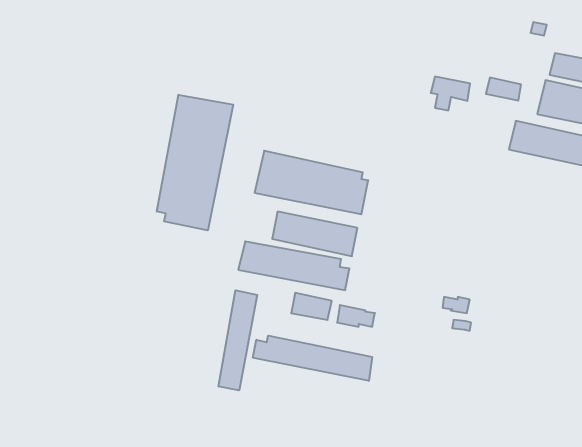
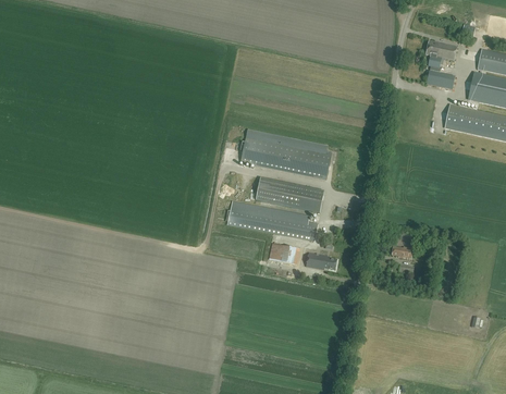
building: [431,77,470,110] -> [425,39,457,66]
building: [157,95,233,230] -> none
building: [218,290,257,390] -> none
building: [253,336,372,381] -> none

